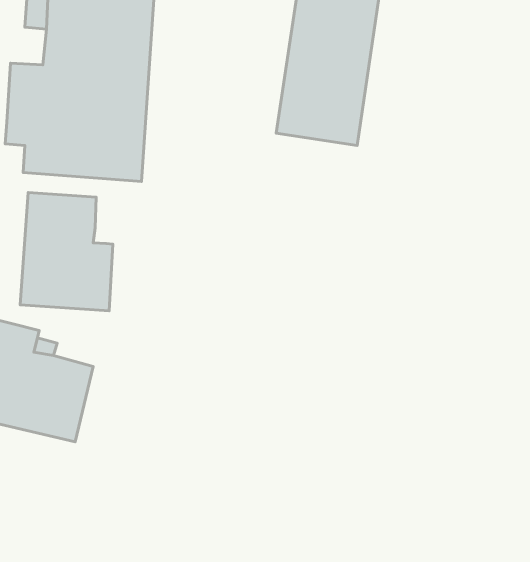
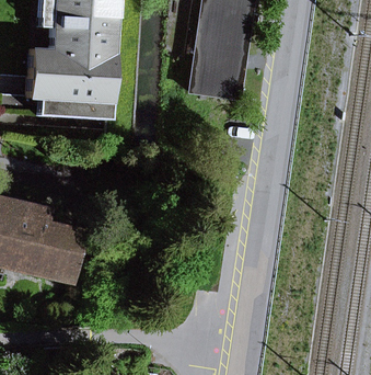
building: [20,193,113,311] -> none

